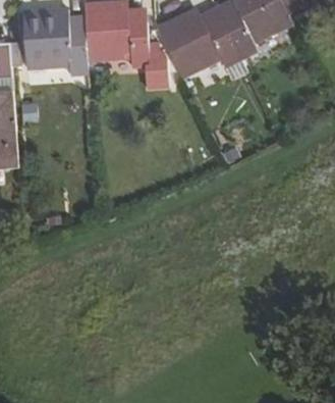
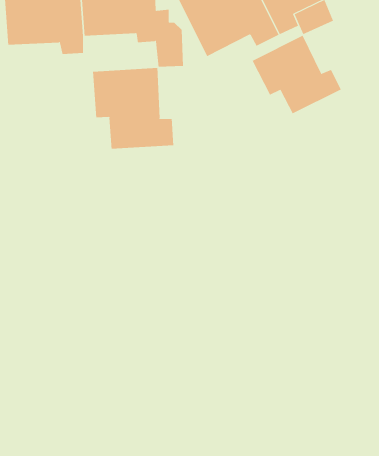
building: none -> [252,35,341,114]
building: none -> [93,67,174,149]

